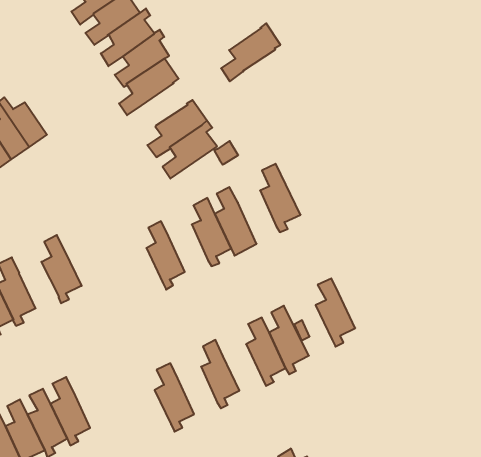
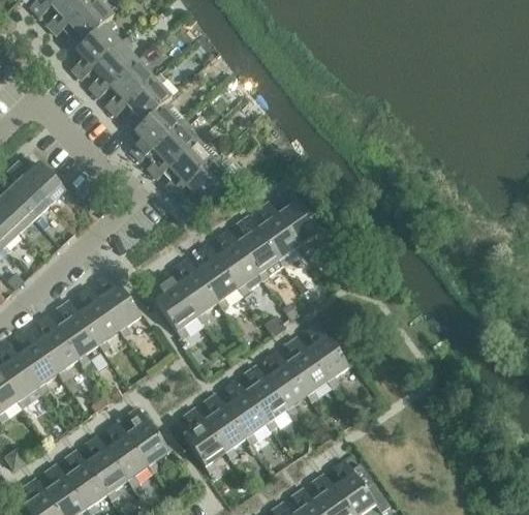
building: [221,23,280,81] -> [146,119,199,180]
building: none -> [255,202,298,267]
building: none -> [194,244,237,309]
building: none -> [96,272,139,337]
building: none -> [154,272,196,338]
building: none -> [56,301,98,366]
building: [316,278,355,347] -> [263,352,306,417]
building: none -> [223,380,266,445]
building: none -> [125,407,168,473]
building: none -> [183,407,224,473]

